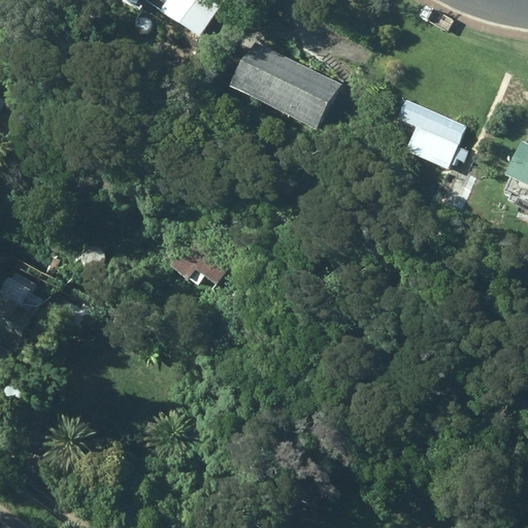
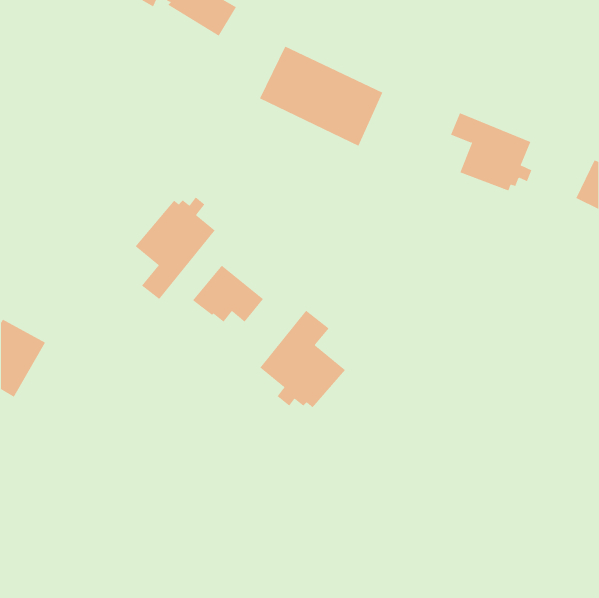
building: none -> [135,197,215,300]
building: none -> [259,310,346,408]

